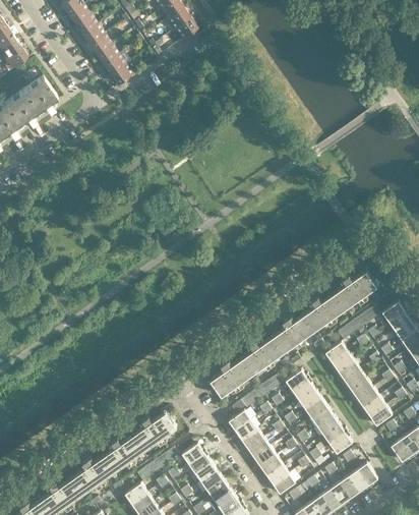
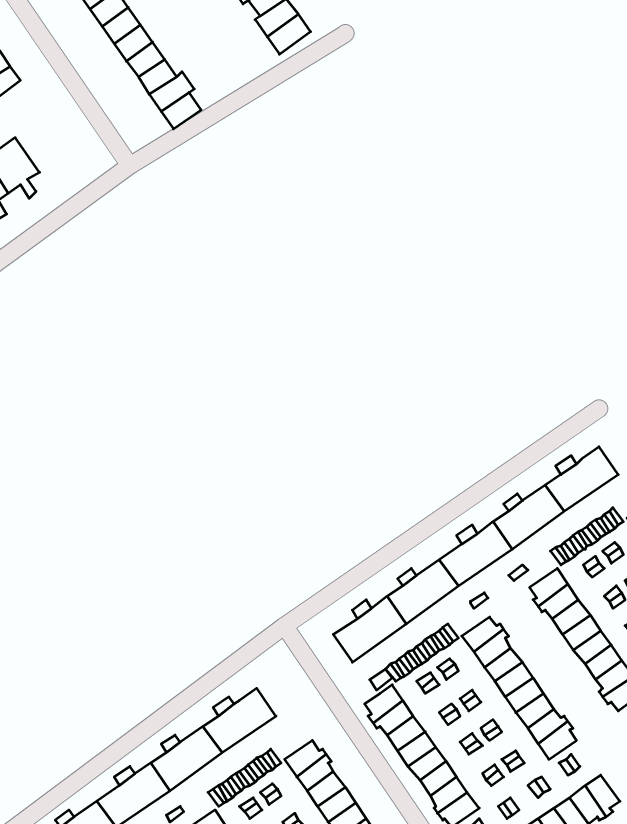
building: [24,77,57,113] -> none

